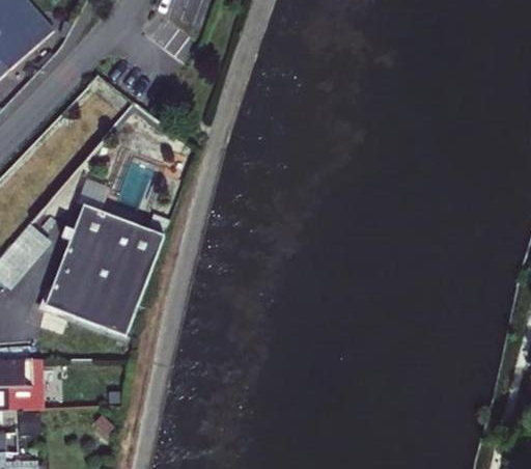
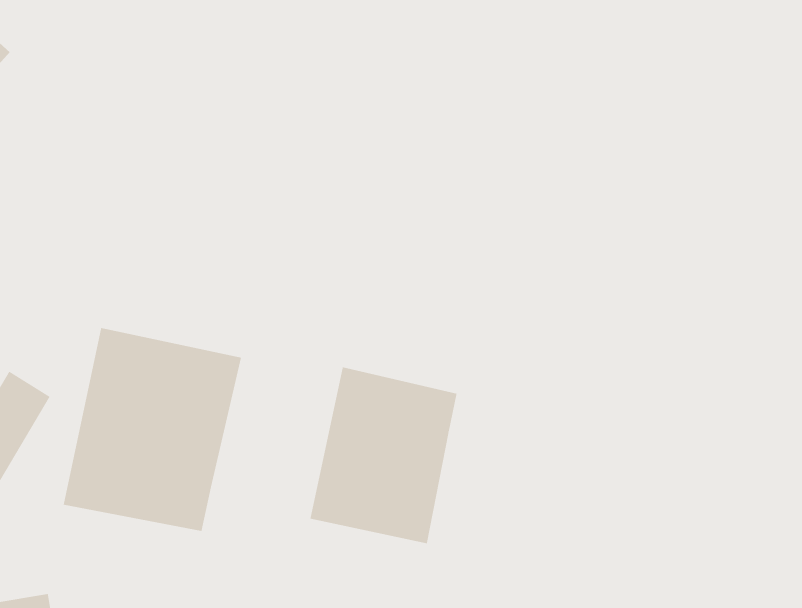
building: none -> [310,366,457,544]

